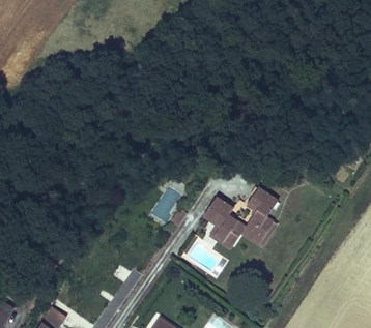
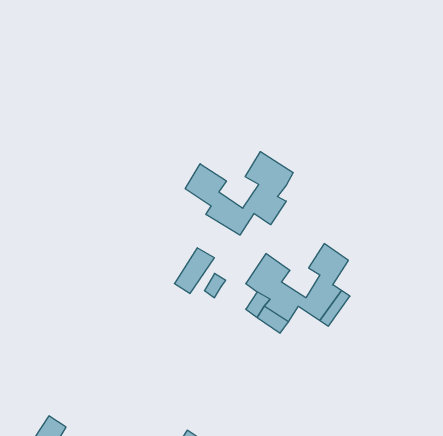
building: none -> [185,152,293,235]

